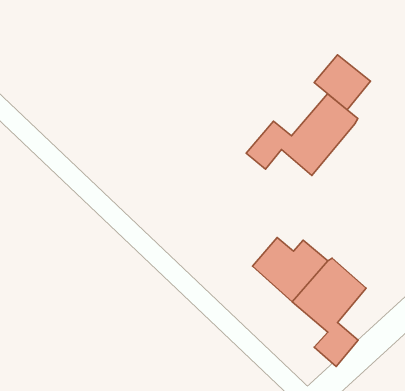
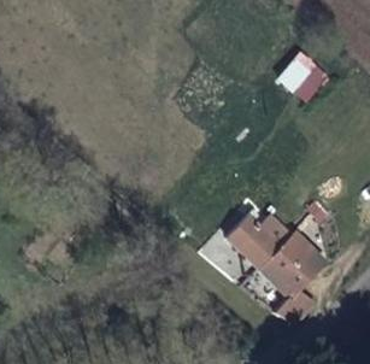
building: [246,94,358,176] -> none

